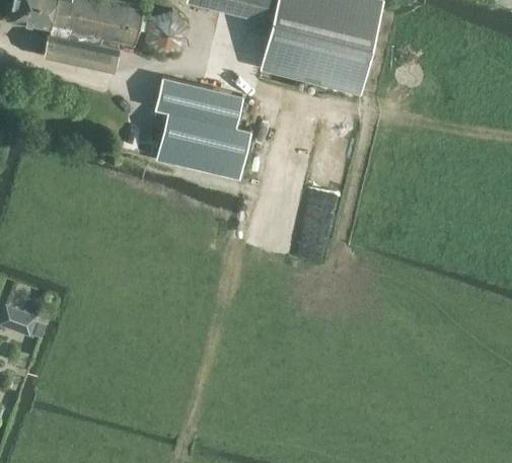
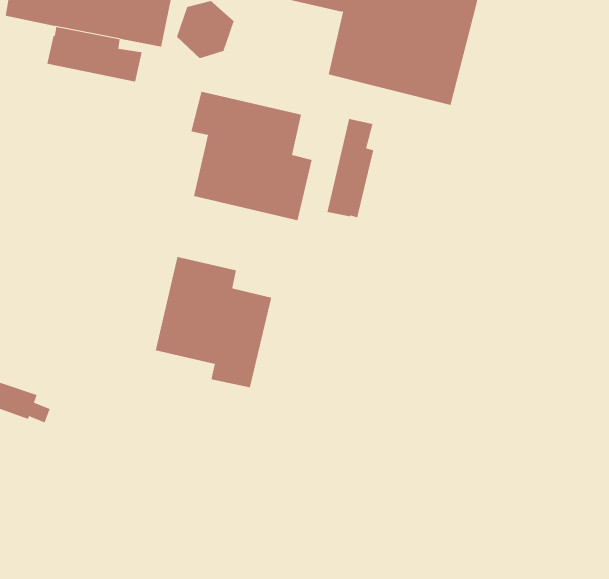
building: none -> [327,118,374,218]
building: none -> [155,256,272,388]

